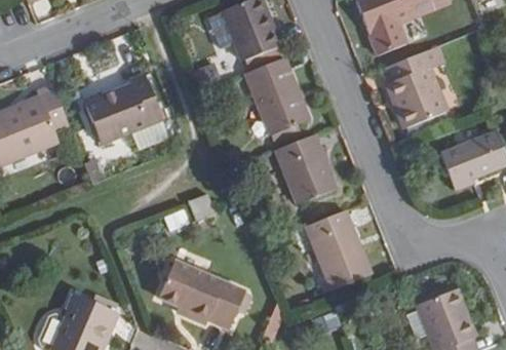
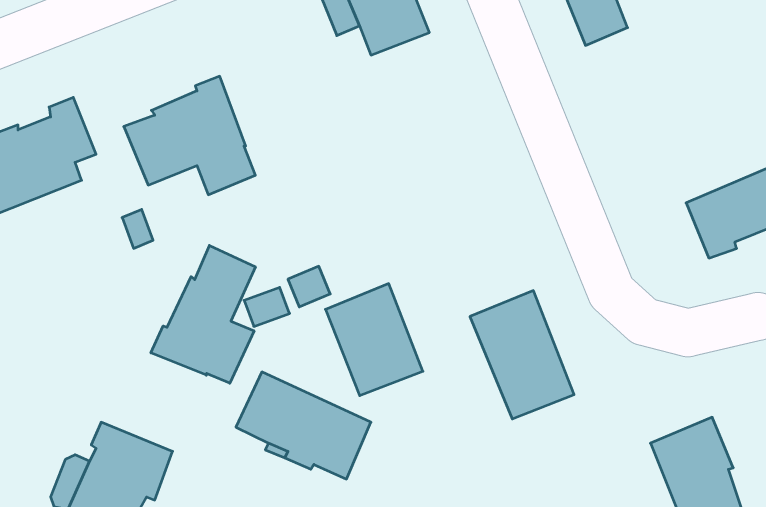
building: [388,51,447,126] -> none
building: [245,57,310,137] -> none
building: [275,133,337,204] -> [325,284,423,396]
building: none -> [151,245,255,383]

